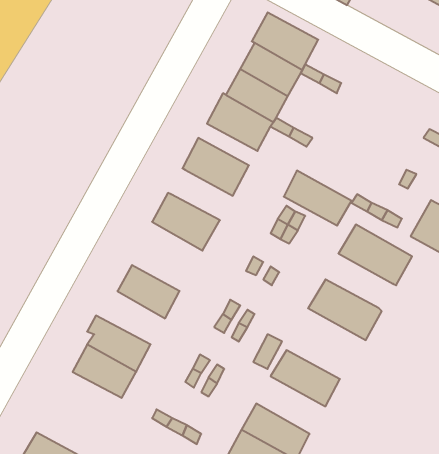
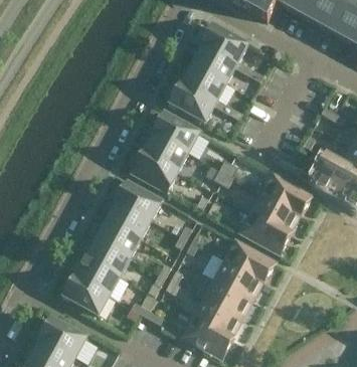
building: none -> [143,136,186,171]
building: [284,171,352,226] -> [250,194,298,232]
building: none -> [114,180,161,220]
building: none -> [91,220,139,257]
building: none -> [223,240,275,283]
building: none -> [61,276,109,316]
building: none -> [202,280,250,320]

